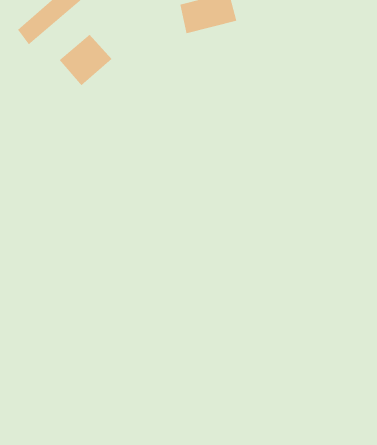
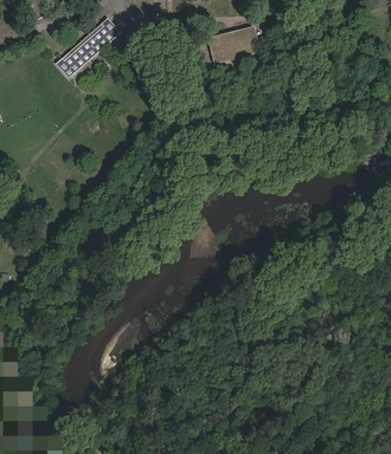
building: [59,34,113,86] -> none

